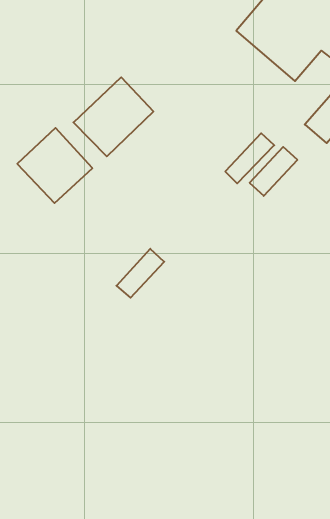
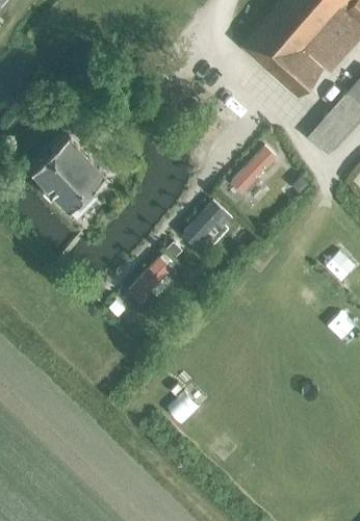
building: [73,77,153,156] -> none
building: [250,147,297,196] -> [182,199,228,245]

